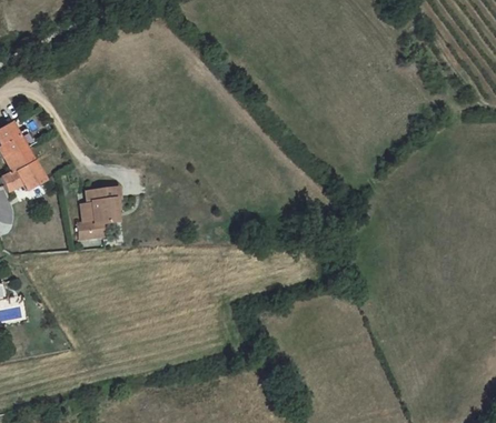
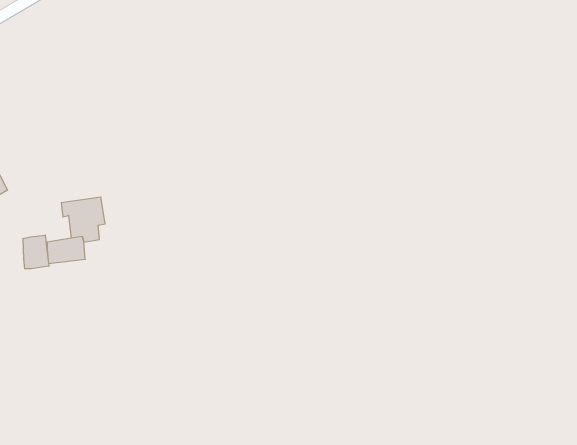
building: none -> [23,235,49,269]

